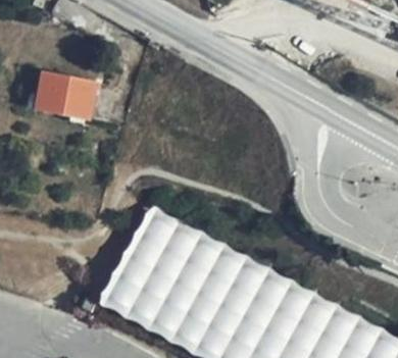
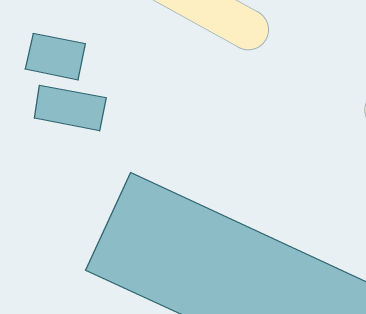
building: none -> [35,85,106,131]

